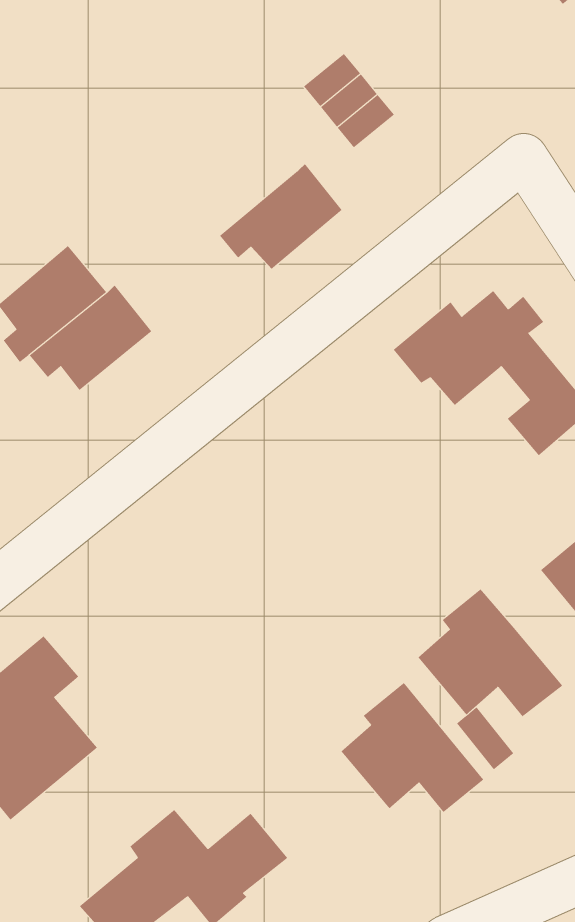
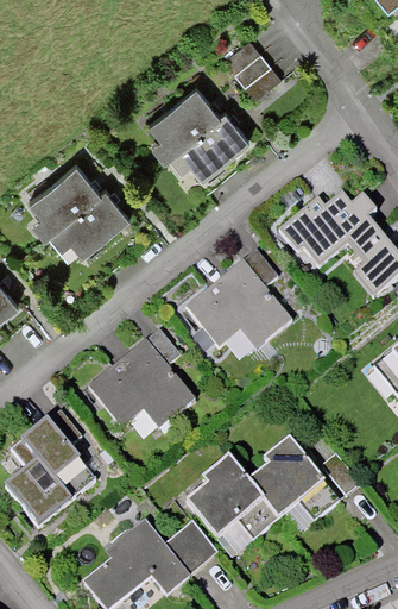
building: none -> [150,84,220,159]
building: none -> [185,247,291,349]
building: none -> [87,328,192,429]
building: [418,588,563,717] -> [185,459,278,541]

